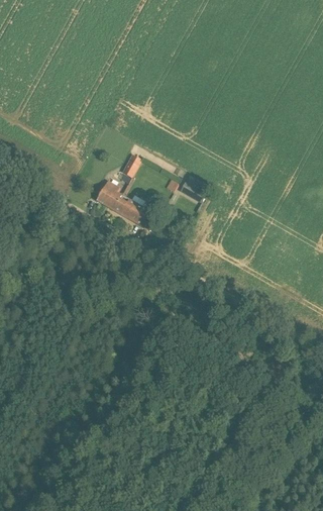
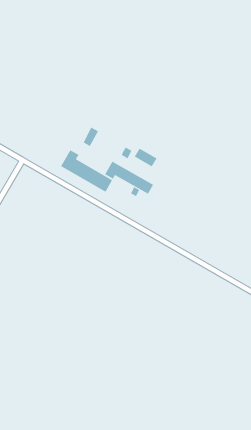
building: none -> [104,161,154,195]

